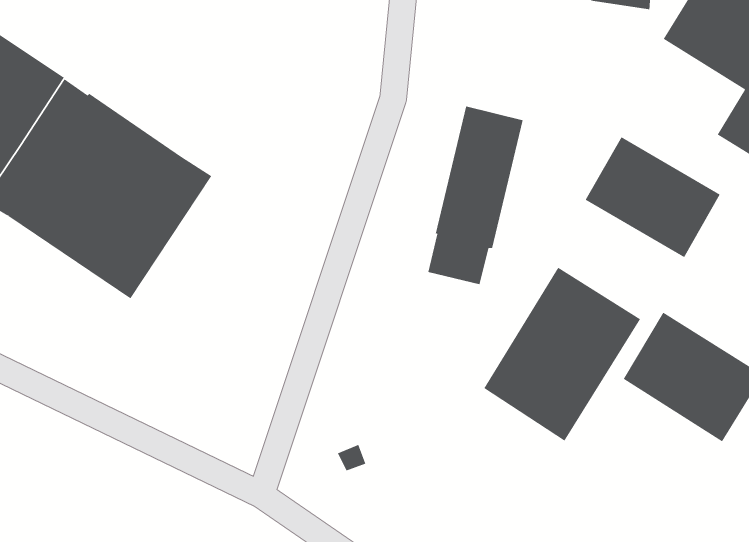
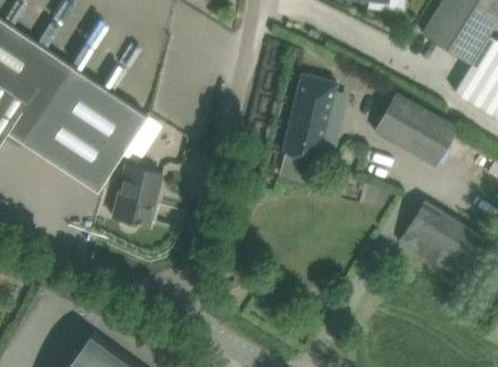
building: none -> [112,166,163,226]
building: [484,267,641,441] -> none

